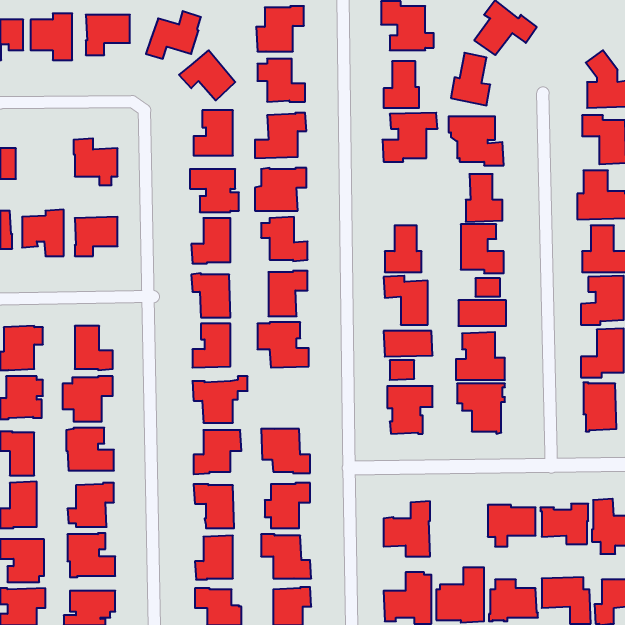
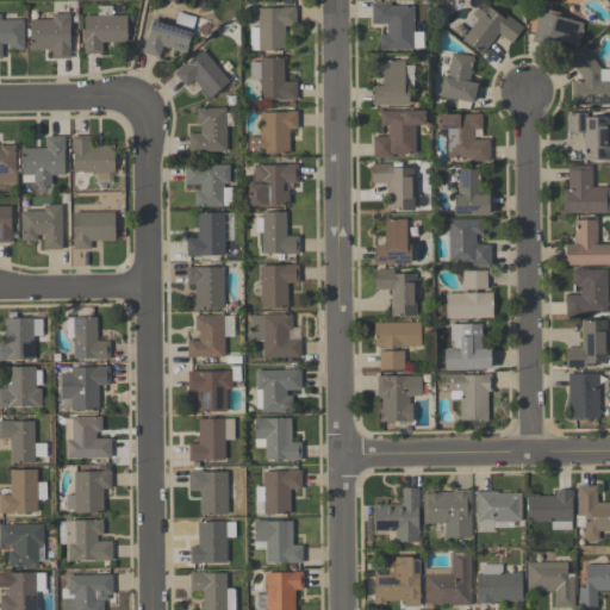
building: none -> [533,7,584,46]
building: none -> [23,136,66,185]
building: none -> [373,162,415,210]
building: none -> [257,369,303,411]
building: none -> [423,490,472,537]

